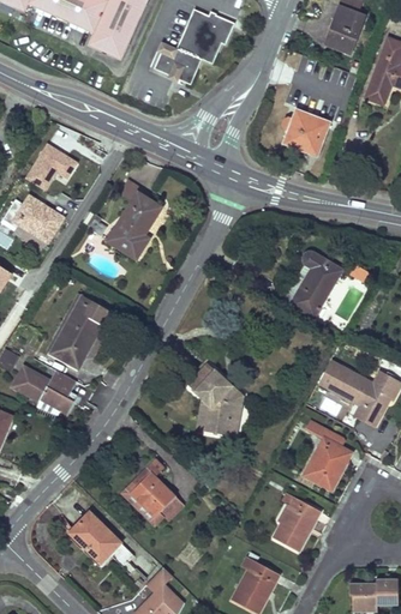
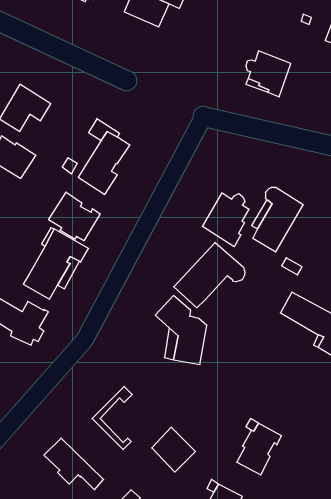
building: none -> [49,192,100,241]
building: none -> [203,193,249,247]
building: none -> [174,242,245,308]
building: [305,420,352,489] -> none
building: [131,470,176,517] -> [152,427,195,472]

